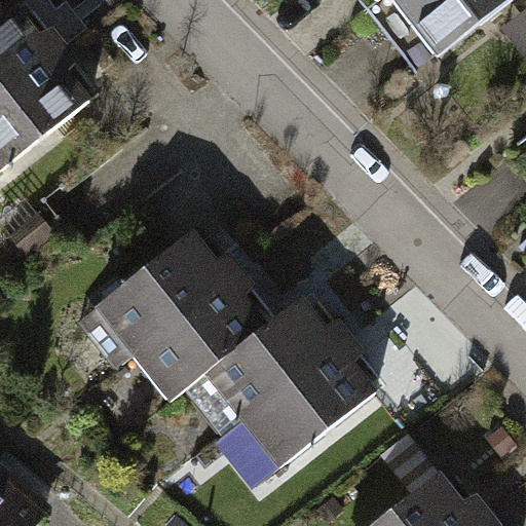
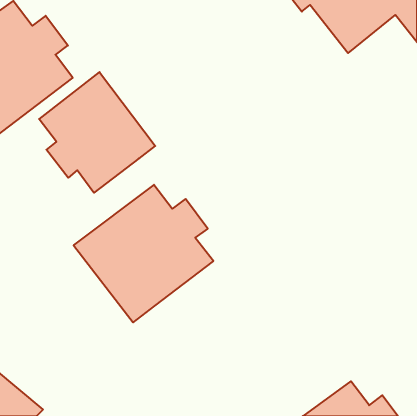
building: none -> [39,72,155,193]
building: [192,297,374,476] -> none

